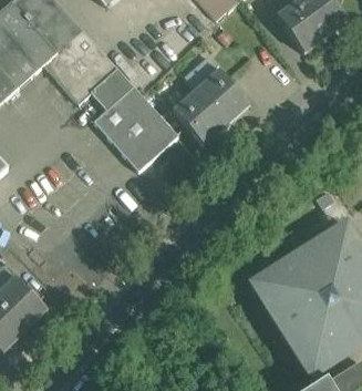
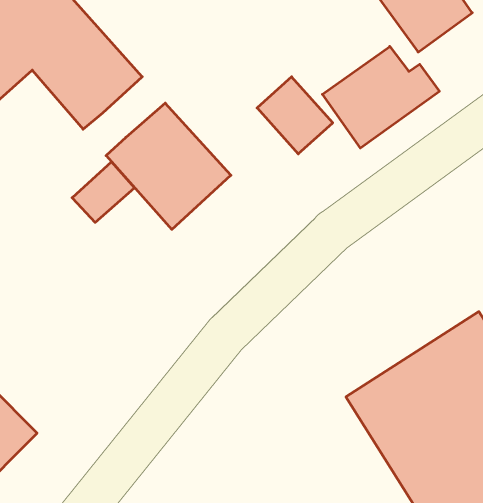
building: none -> [322,46,439,148]
building: [91,68,133,109] -> [72,162,135,222]
building: [172,89,223,140] -> none

